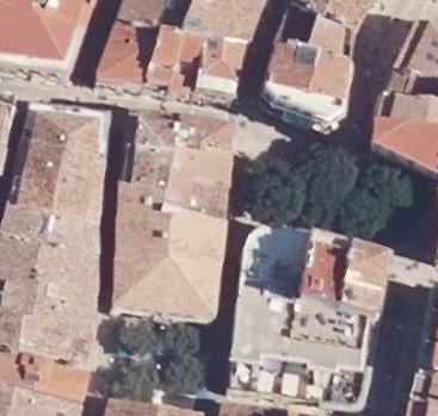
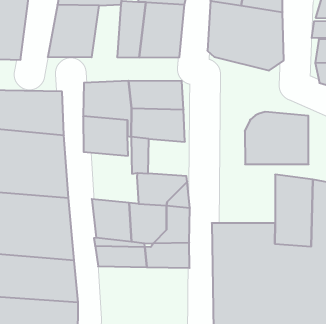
building: [143,33,181,89] -> none
building: [184,179,227,223] -> none
building: [117,182,172,244] -> none
building: [242,224,315,285] -> [245,112,309,164]

